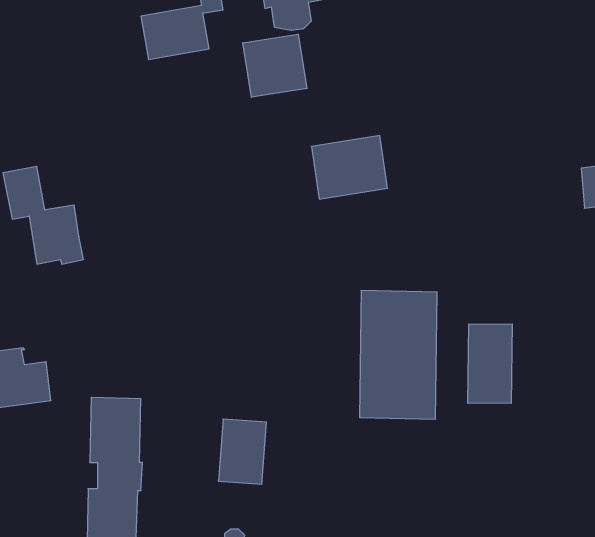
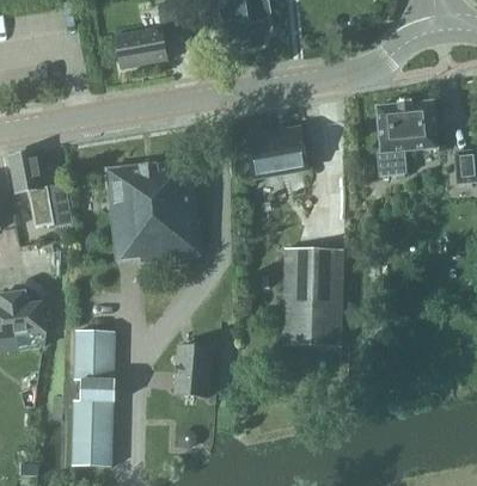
building: [243,34,307,97] -> none
building: none -> [375,101,436,177]
building: none -> [106,160,202,262]
building: [468,324,512,403] -> none

